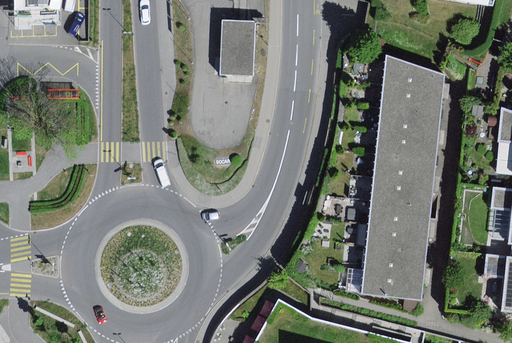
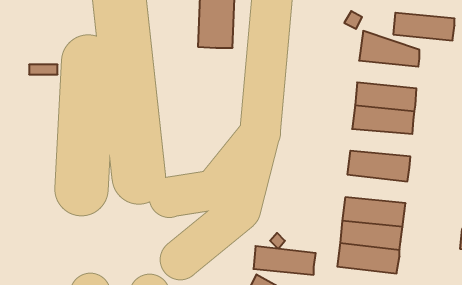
building: [380,86,442,114] -> [393,13,455,40]
building: [373,155,436,183] -> none
building: [368,201,431,230] -> [253,246,316,275]

